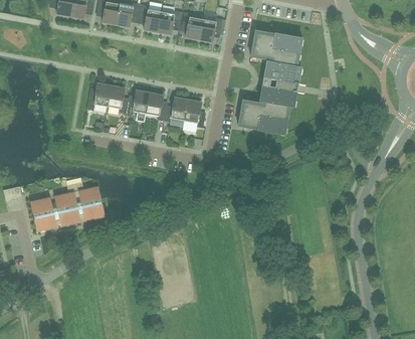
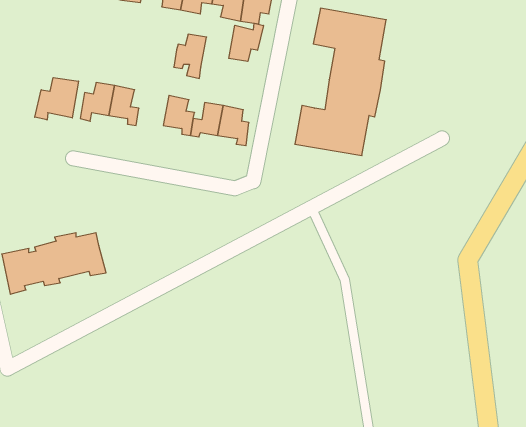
building: none -> [229,23,263,61]
building: none -> [35,78,78,120]
building: [126,90,149,121] -> [174,34,207,78]

